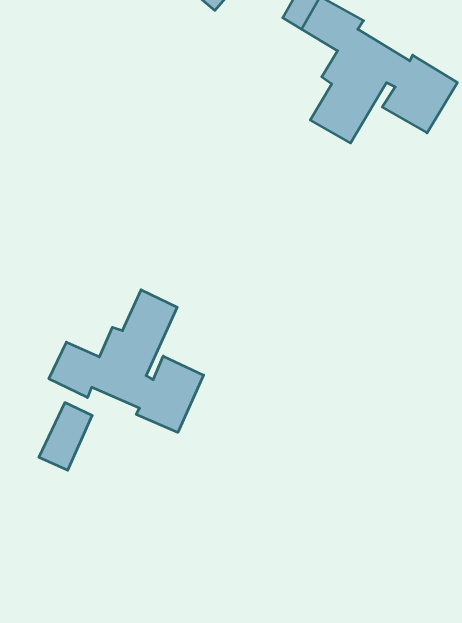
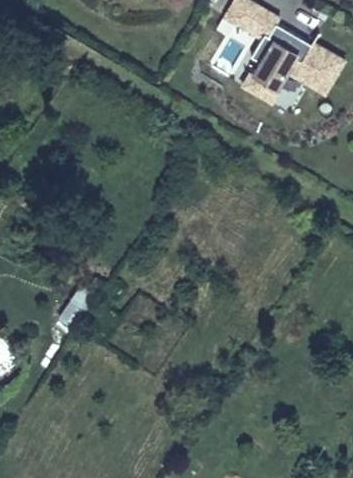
building: [49,290,204,432] -> none

